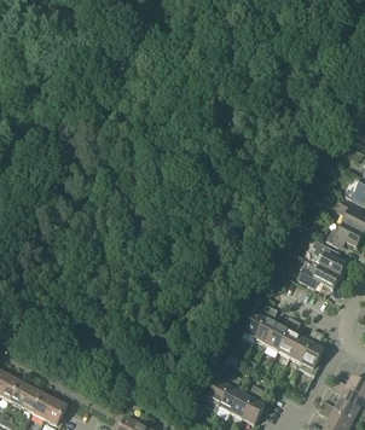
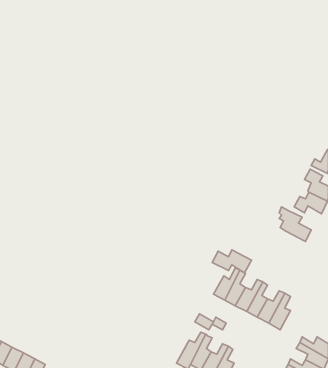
building: [299,265,340,289] -> [212,250,251,273]

